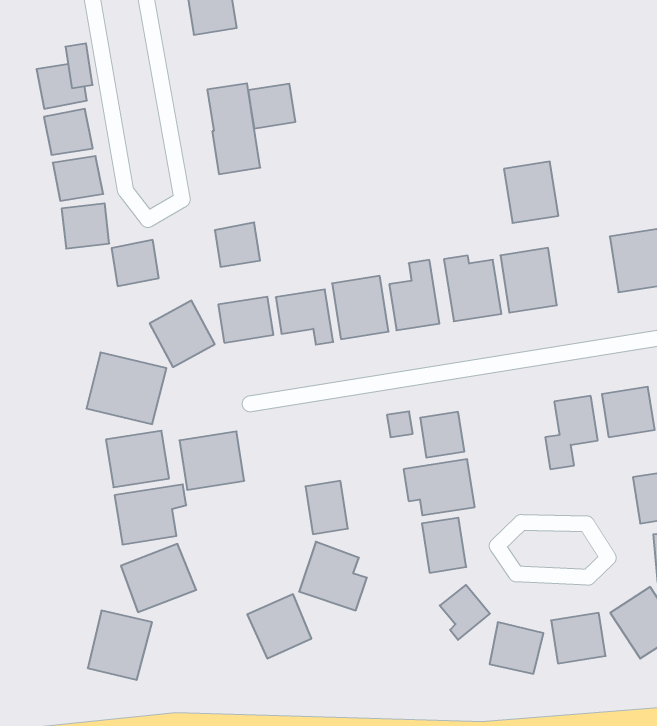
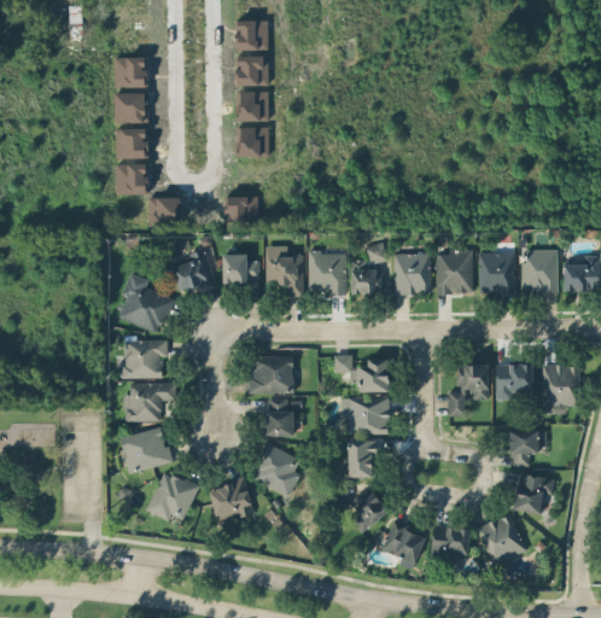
building: [248,84,295,128] -> [238,57,269,86]
building: [504,162,558,223] -> [479,252,514,293]
building: [179,431,244,490] -> [249,355,292,392]
building: [88,611,152,680] -> [146,470,199,525]

